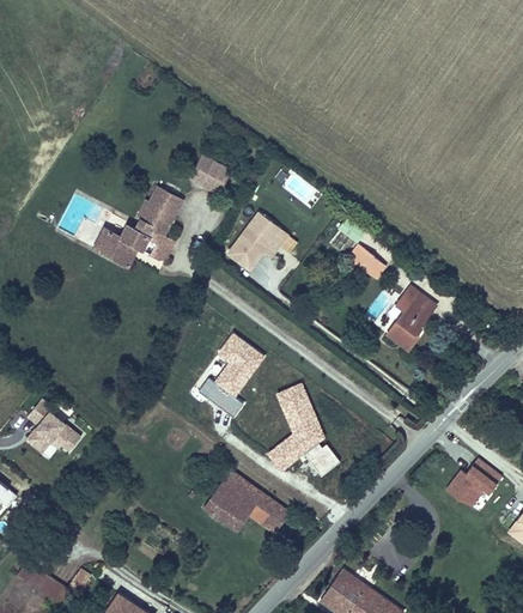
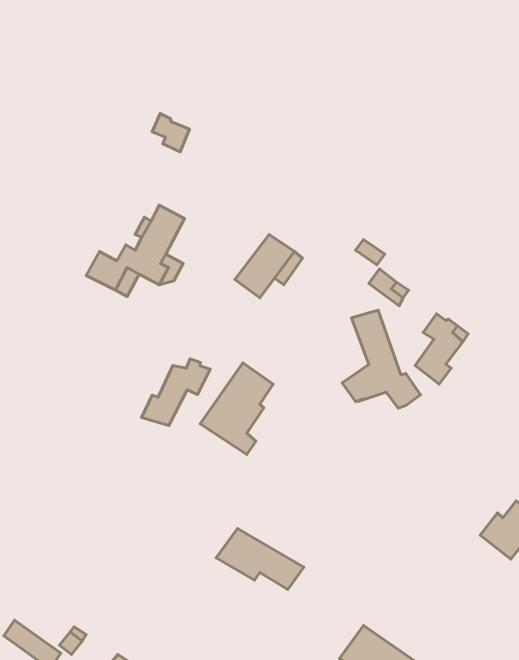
building: [196,154,230,189] -> [152,113,189,152]
building: none -> [142,359,210,426]
building: [270,383,341,472] -> [342,310,421,408]
building: [28,399,81,453] -> none

